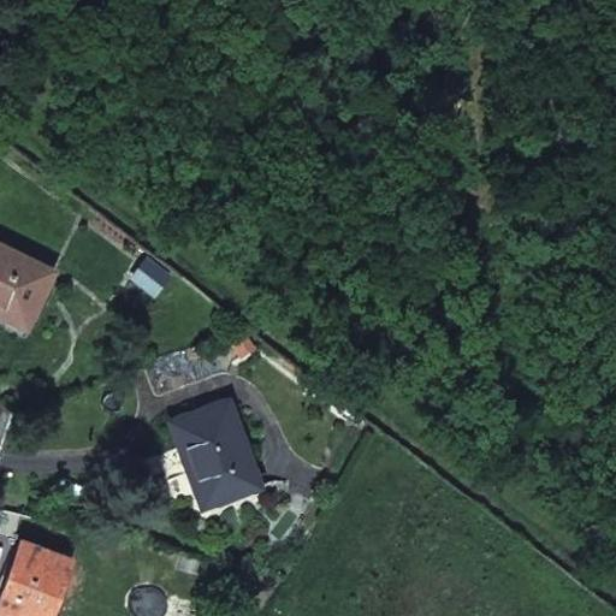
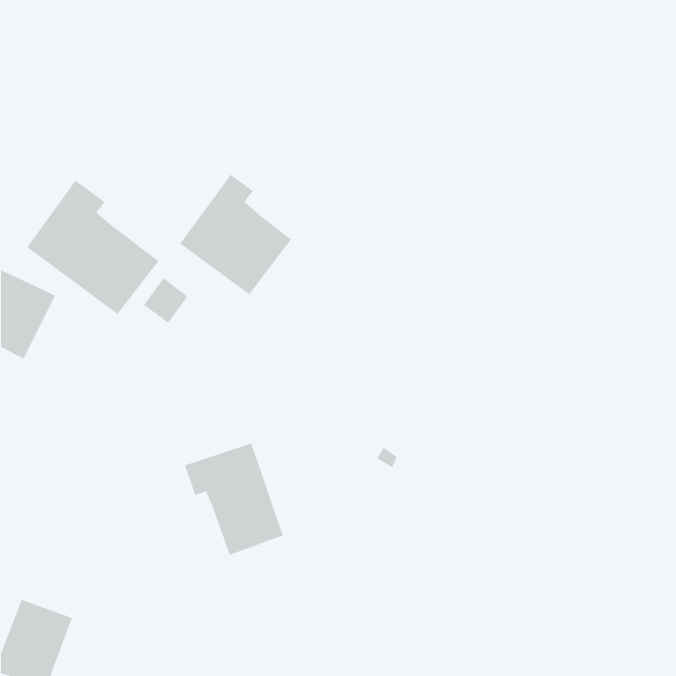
building: none -> [180,174,292,295]
building: none -> [26,180,159,315]

